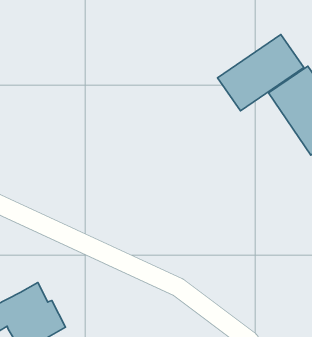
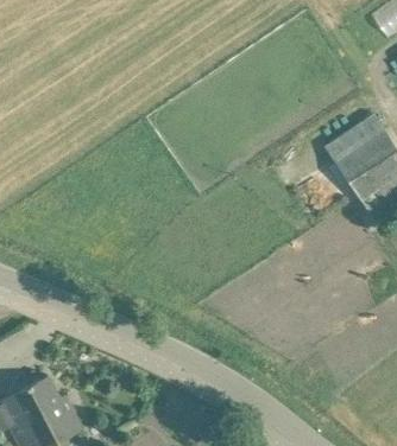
building: [217,34,304,111] -> none

